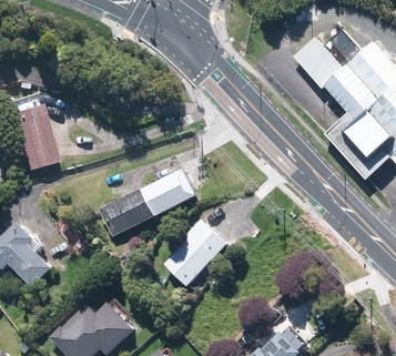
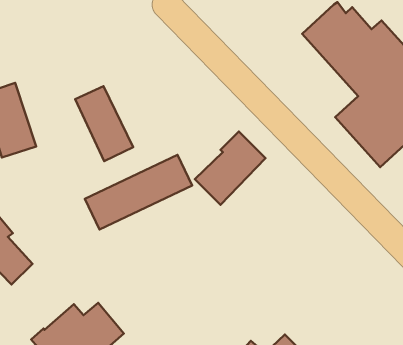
building: none -> [75,86,133,161]
building: [163,220,227,286] -> [195,131,266,205]

